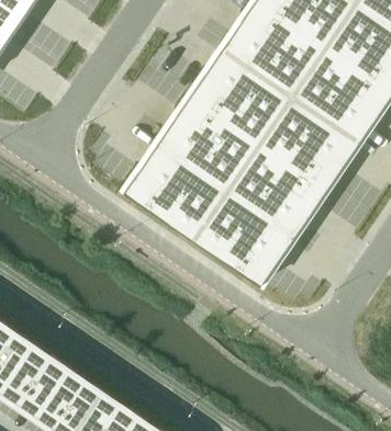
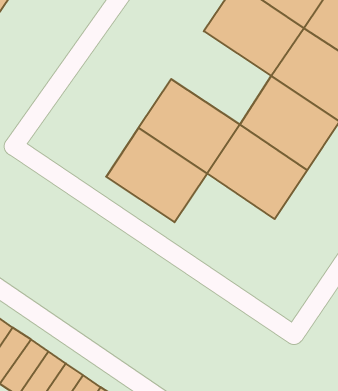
building: [190,46,291,140] -> none
building: [193,190,294,284] -> none

